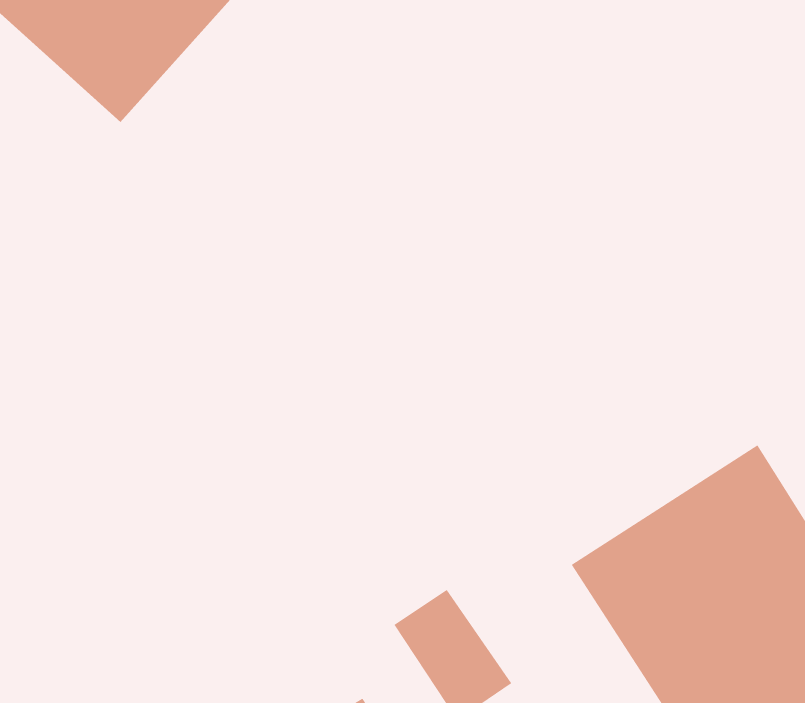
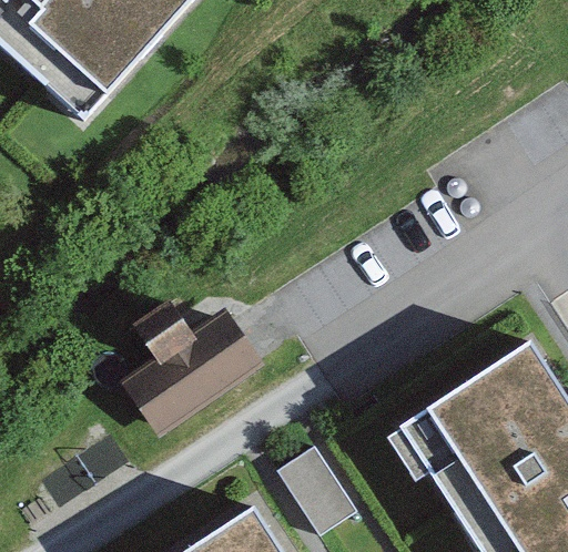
building: none -> [121,305,265,433]

